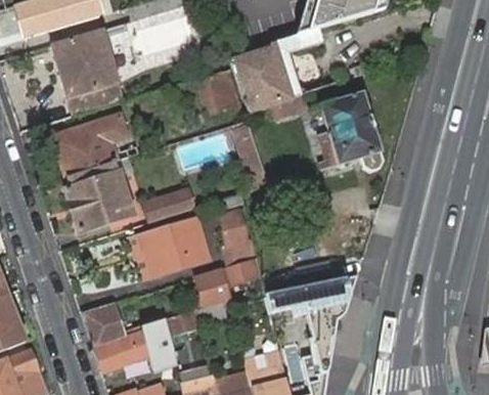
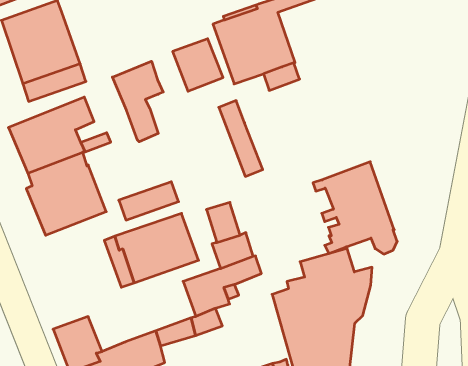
building: none -> [112,61,163,142]
building: [313,93,383,173] -> [313,162,397,254]

